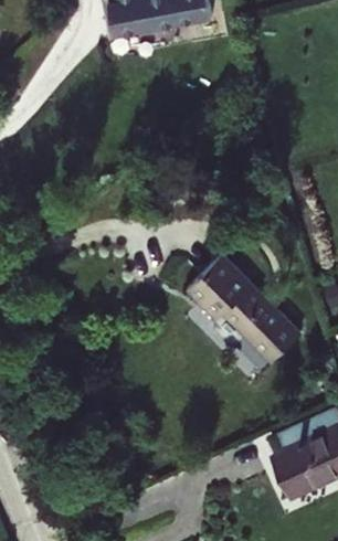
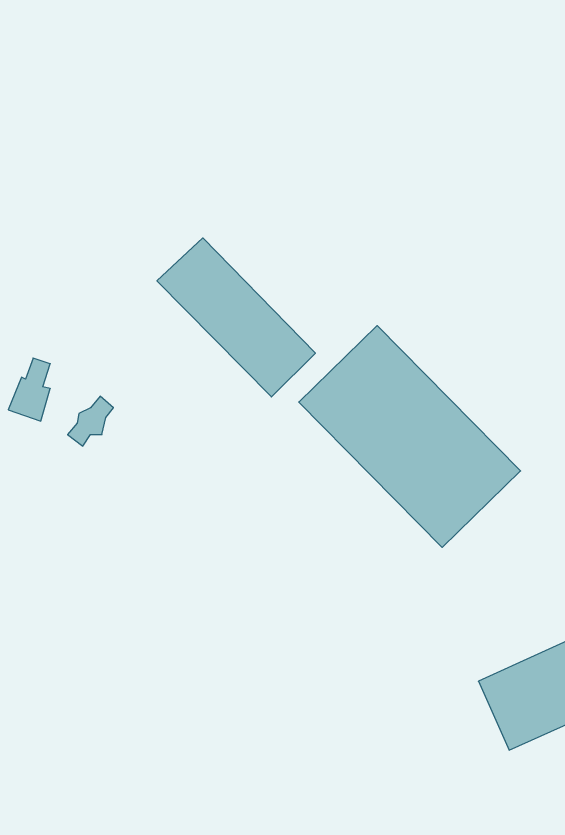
building: none -> [157,238,315,397]

